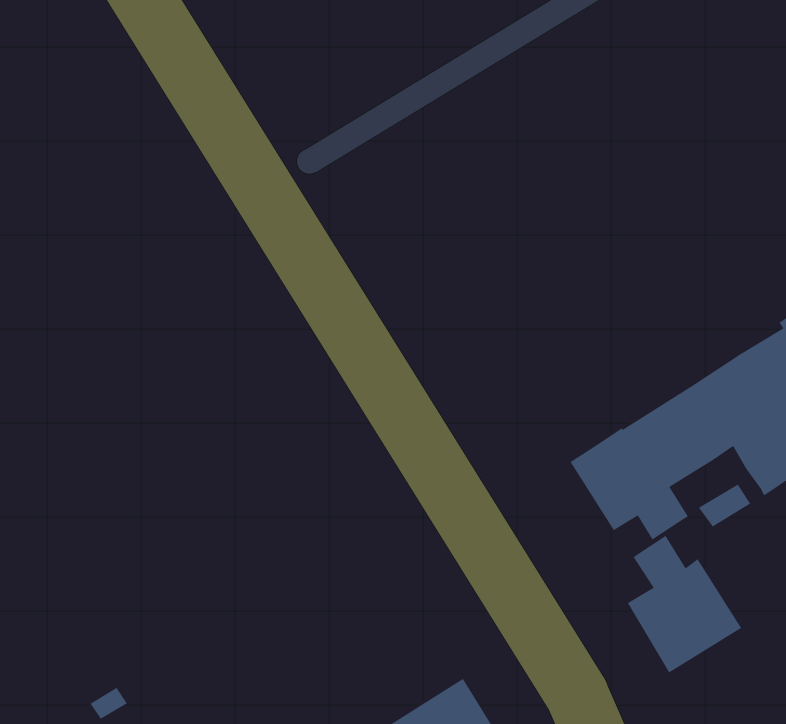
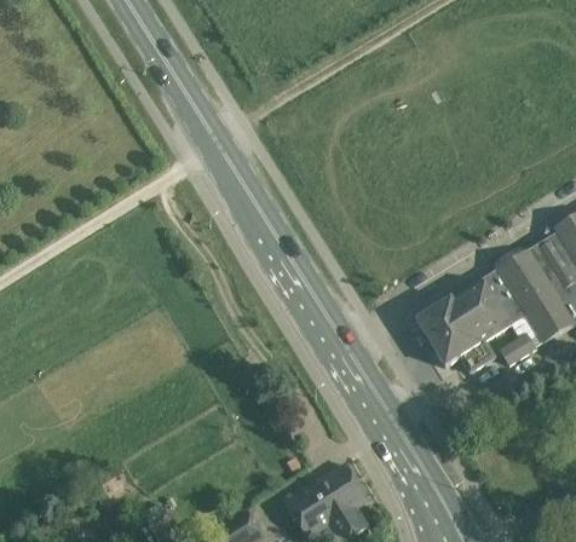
building: [627,535,742,673] -> none

